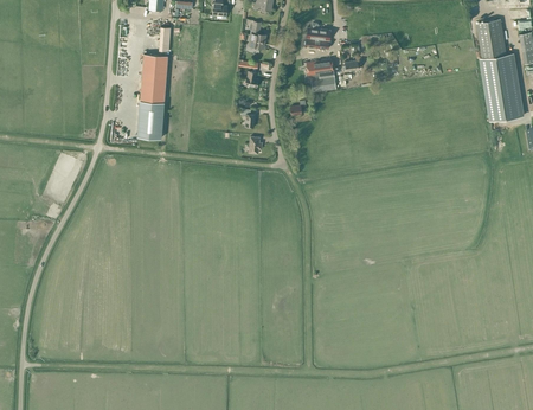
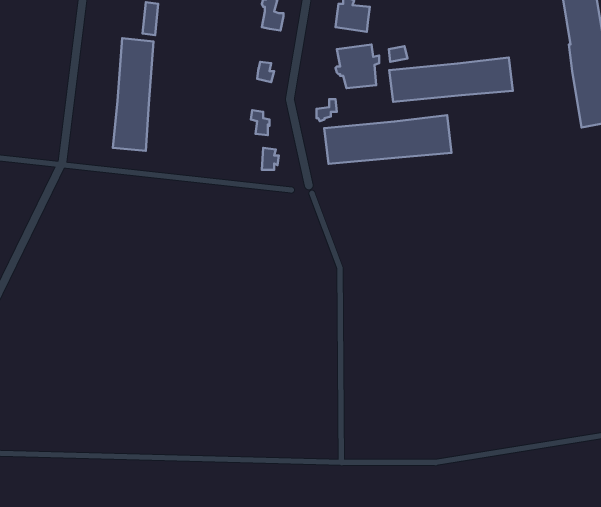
building: none -> [389,58,513,102]
building: none -> [324,115,451,164]

